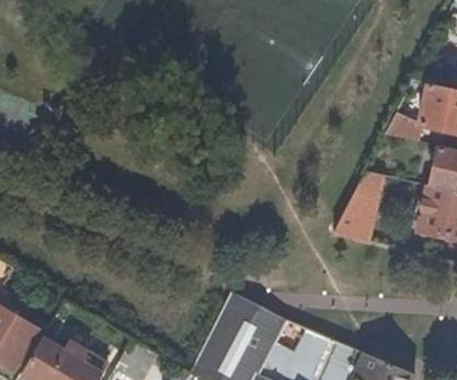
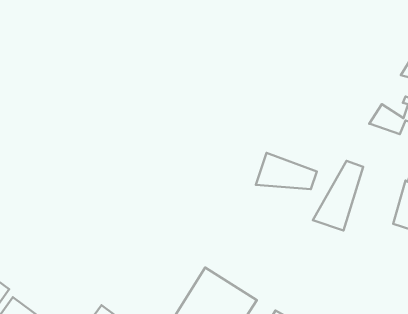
building: none -> [256,153,317,189]

